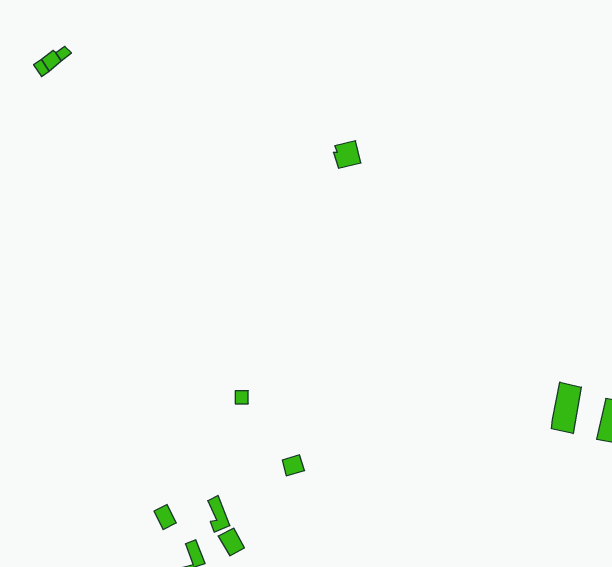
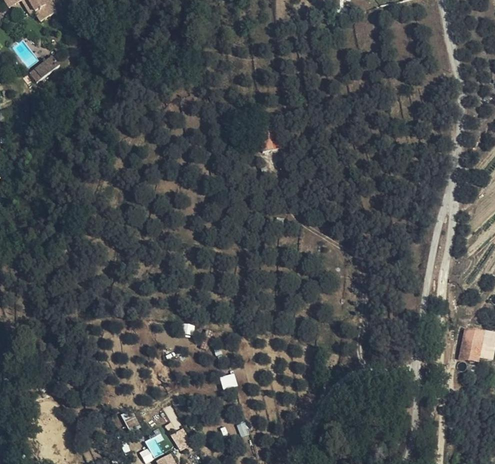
building: [552,382,581,434] -> none

